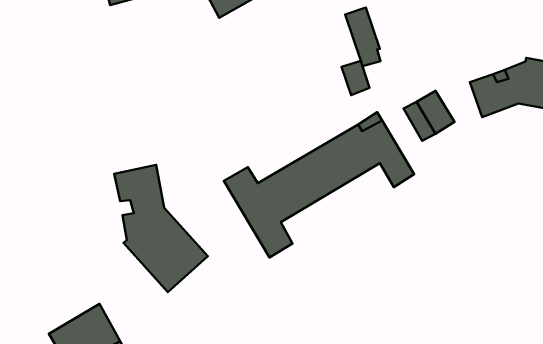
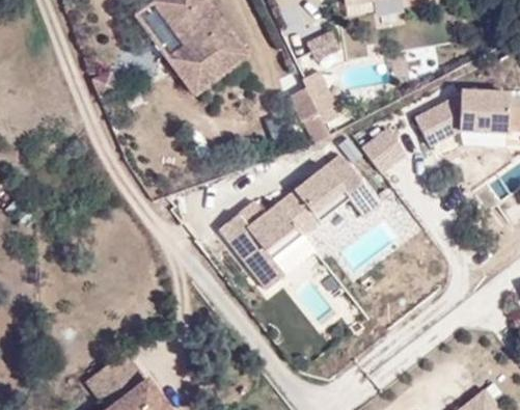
building: [114,165,208,292] -> none

